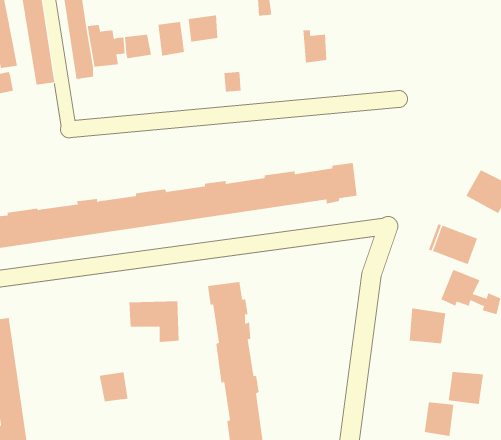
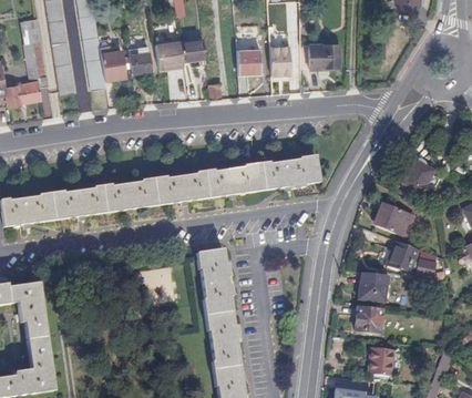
building: none -> [308,41,339,67]
building: none -> [238,47,263,90]
building: [448,371,484,405] -> [355,306,383,333]
building: [99,372,128,402] -> none

